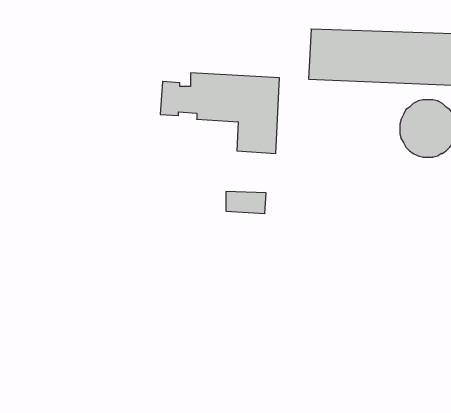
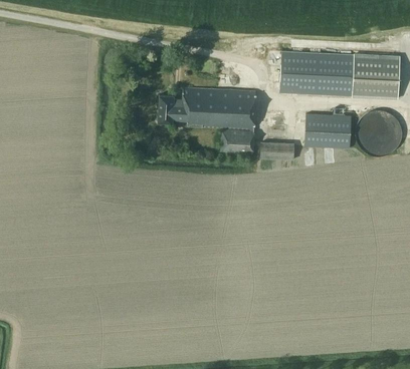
building: none -> [304,113,352,148]
building: [226,192,266,214] -> [261,141,294,159]

